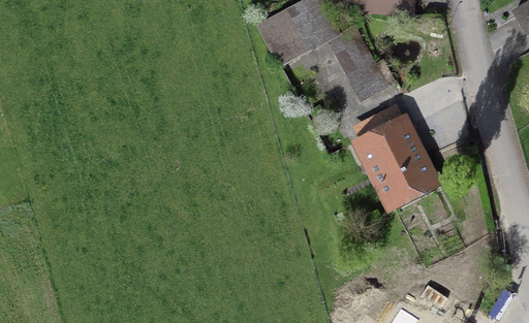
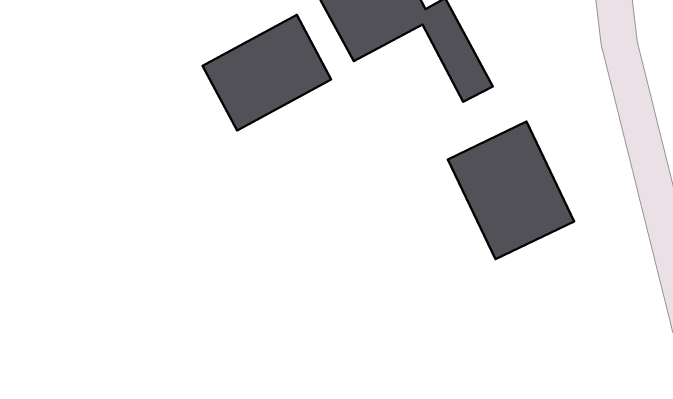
building: none -> [202,15,331,130]

